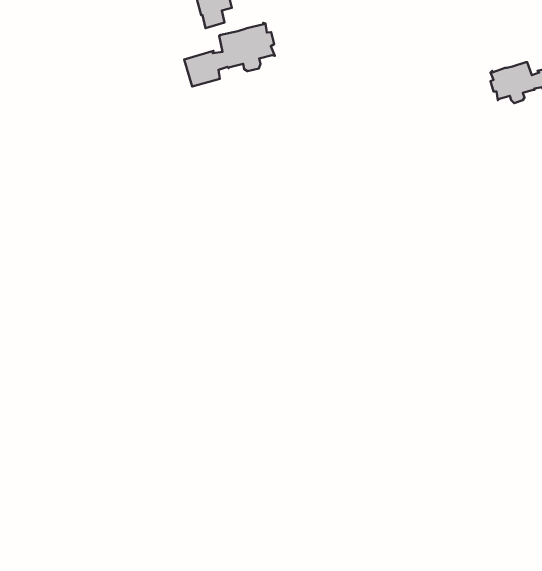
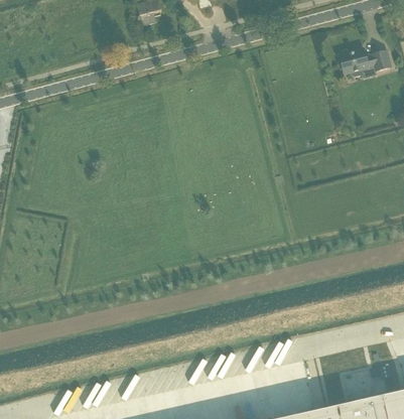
building: [184,23,275,87] -> none

